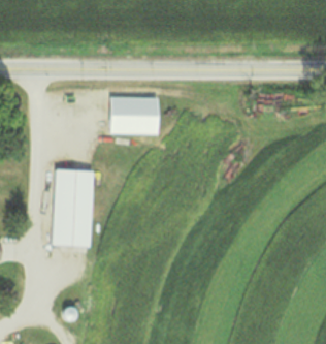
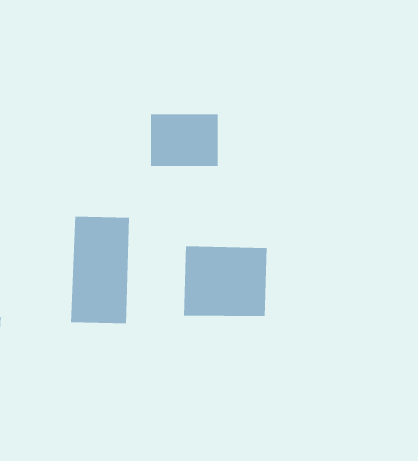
building: none -> [184,245,267,317]

